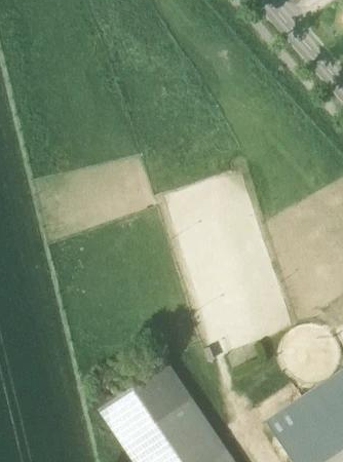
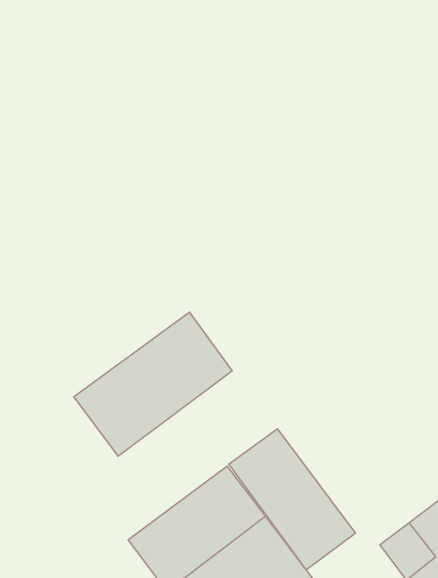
building: none -> [74,312,232,456]
building: none -> [229,429,355,570]

